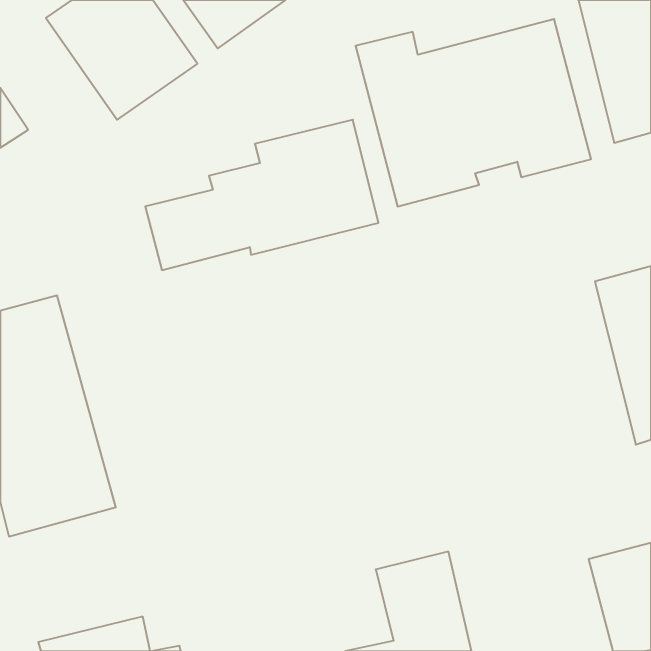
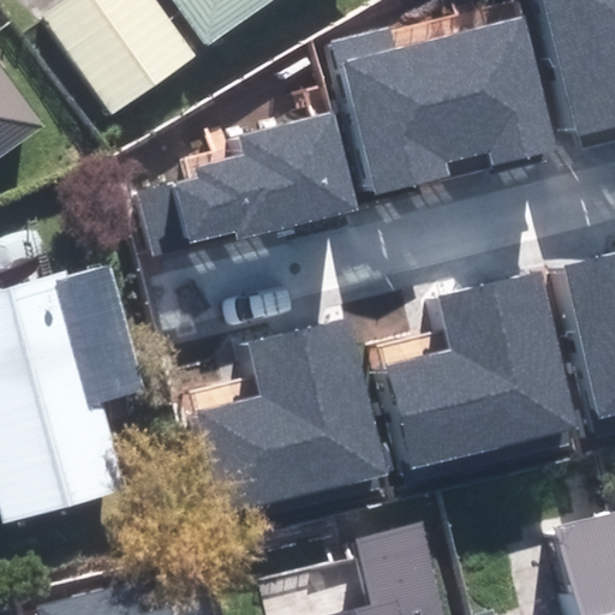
building: none -> [386,271,579,468]
building: none -> [197,316,389,513]

